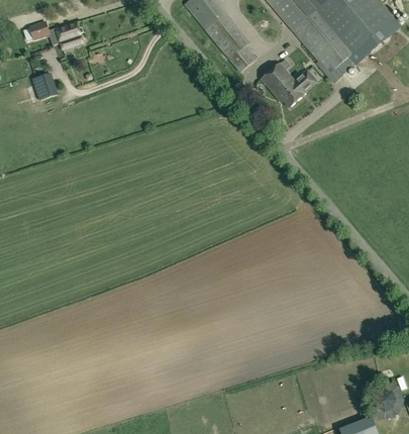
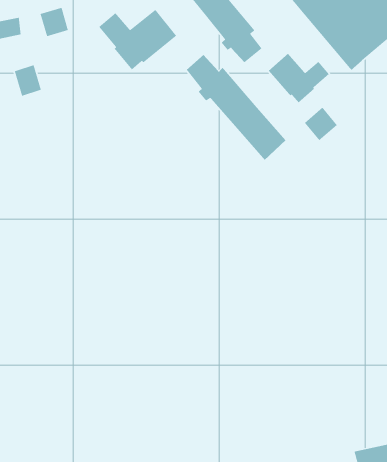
building: none -> [98,9,177,70]
building: none -> [186,54,287,161]
building: none -> [304,107,338,141]

